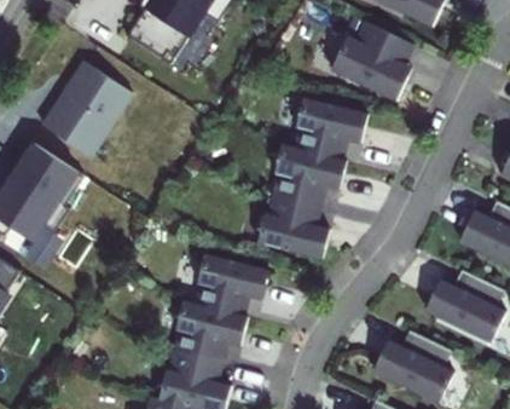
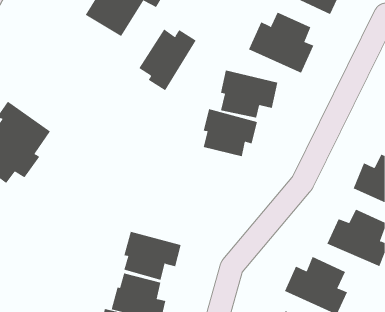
building: none -> [138,28,197,91]
building: [41,61,131,152] -> none
building: [257,195,330,261] -> none
building: [198,254,270,316] -> none

